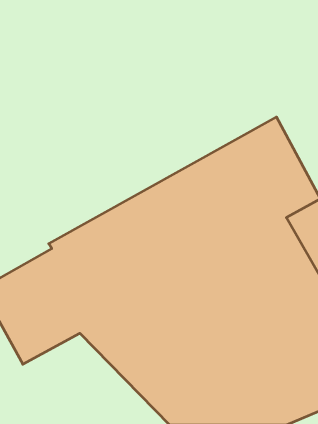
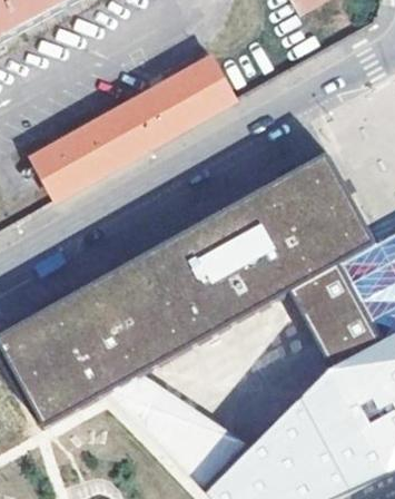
building: none -> [30,60,235,205]

